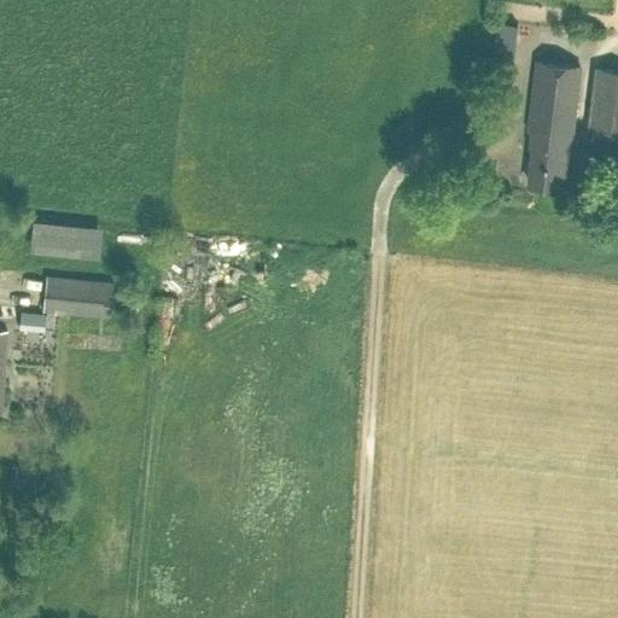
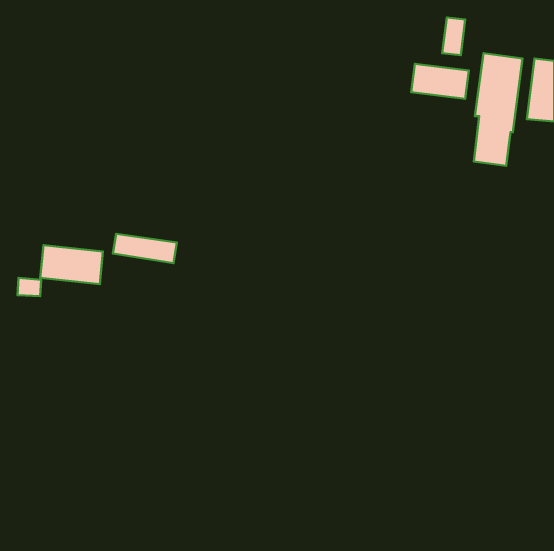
building: none -> [411,64,469,99]
building: [24,217,95,250] -> [113,234,177,263]

